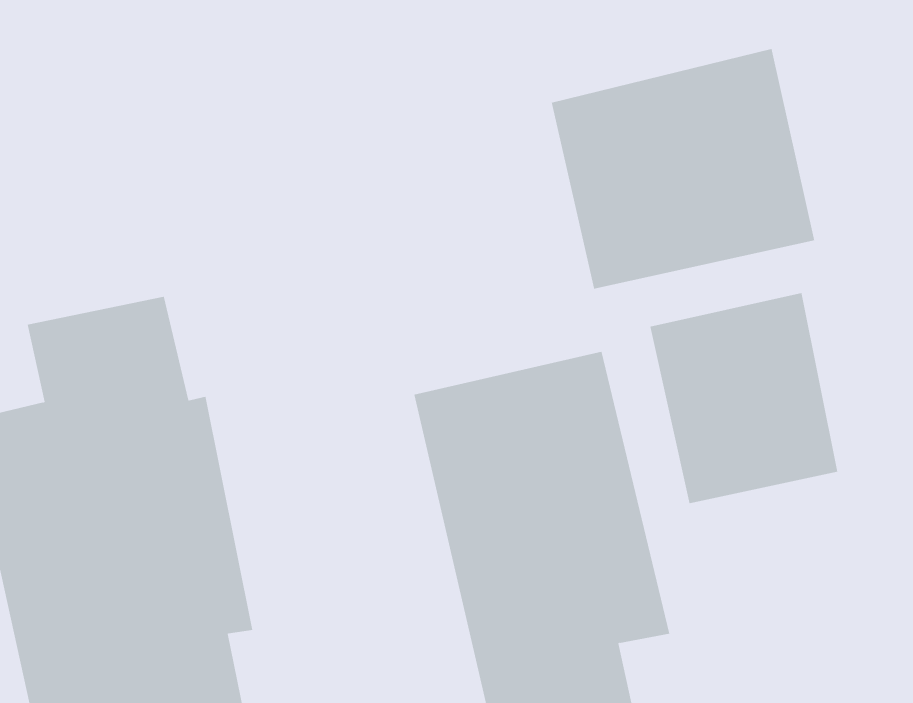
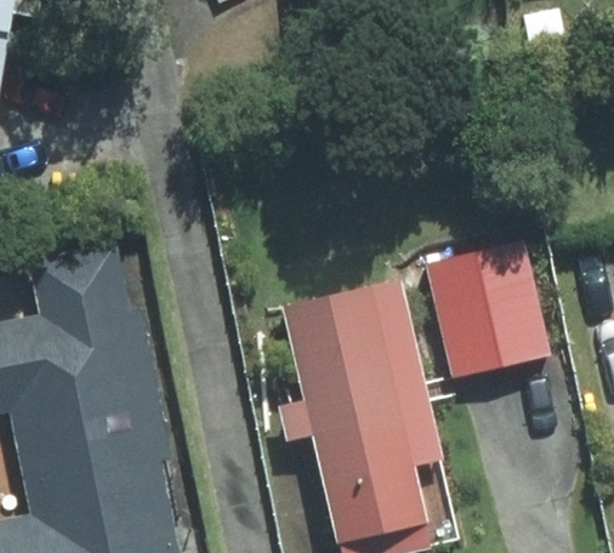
building: [551,48,815,290] -> none

